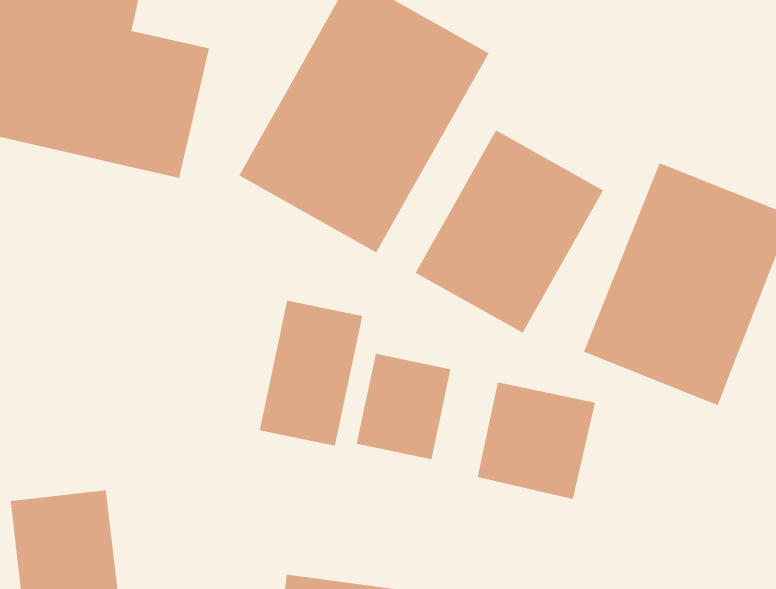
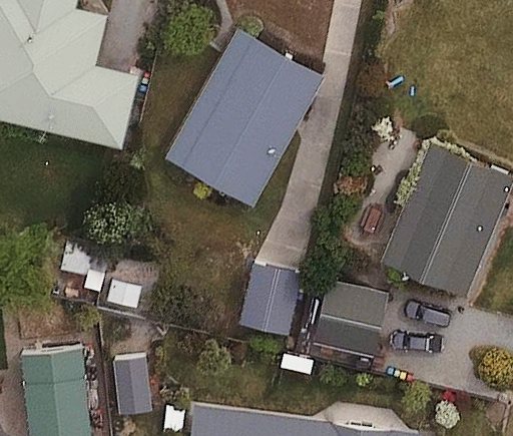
building: [415,130,604,334] -> none
building: [259,300,363,447] -> none

